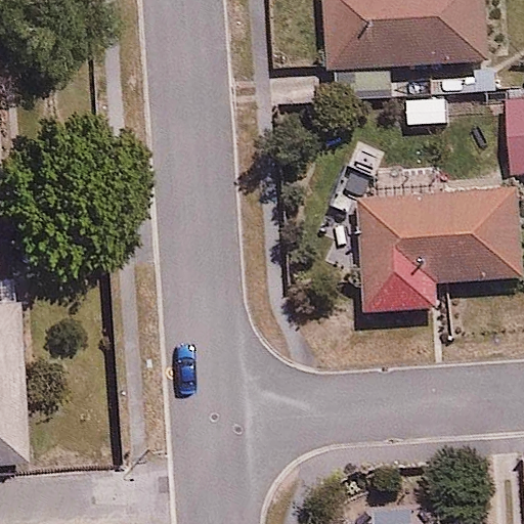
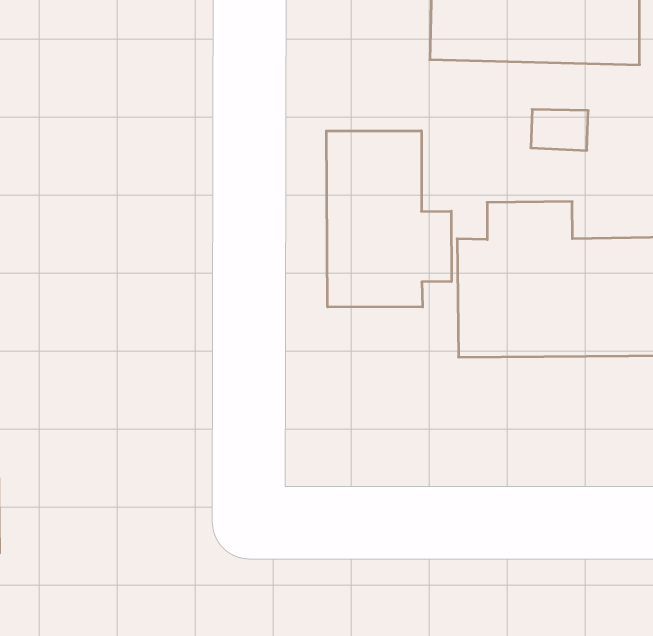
building: none -> [326,131,451,307]

